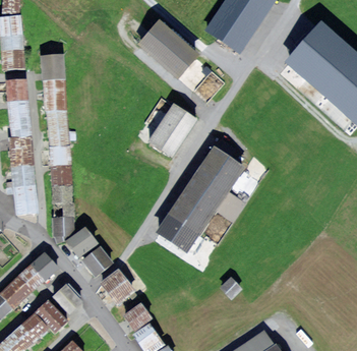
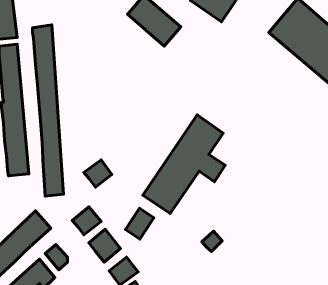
building: [148,105,196,157] -> none
building: [67,228,97,256] -> [84,160,112,187]
building: none -> [126,208,154,239]

